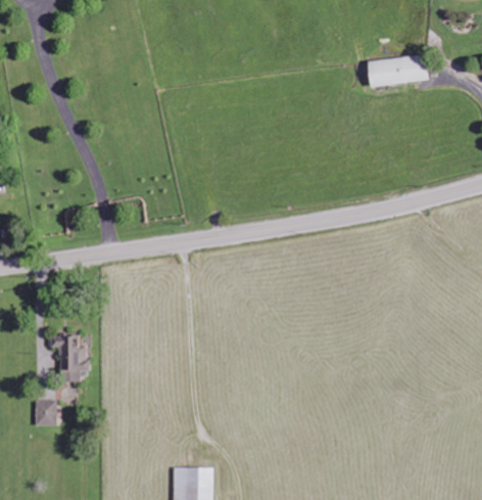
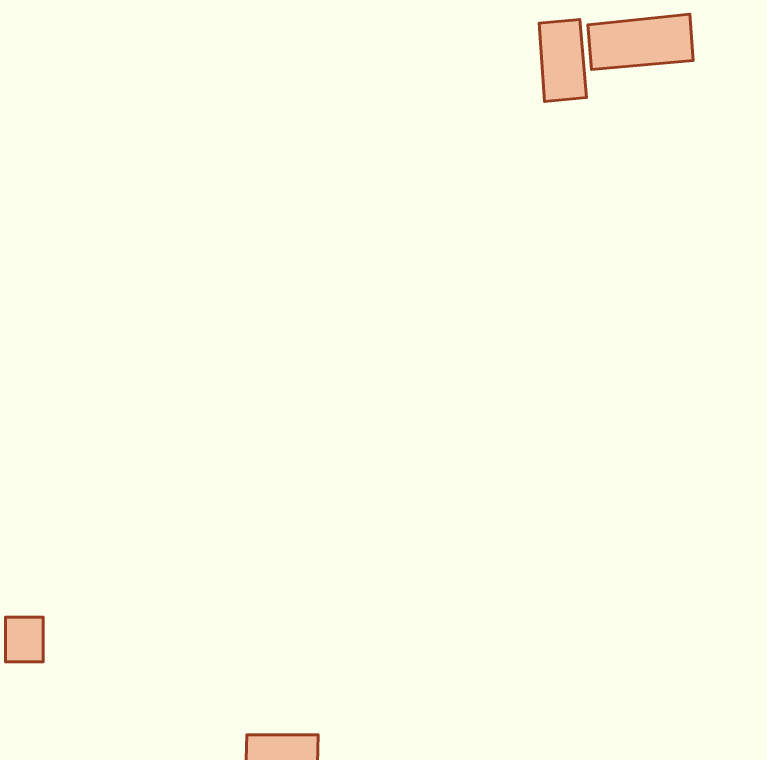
building: none -> [539,19,587,101]
building: [50,335,89,382] -> none

